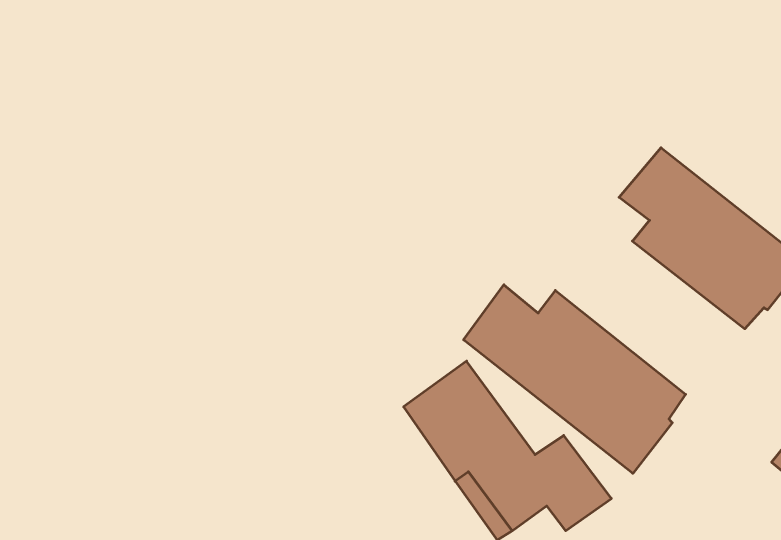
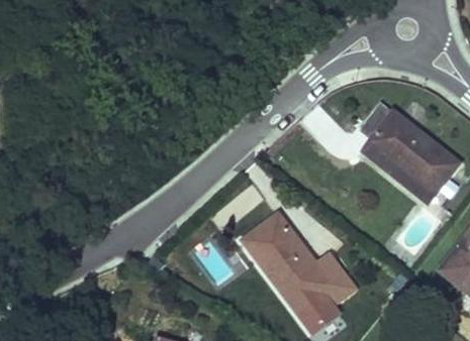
building: [464,285,686,473] -> none

